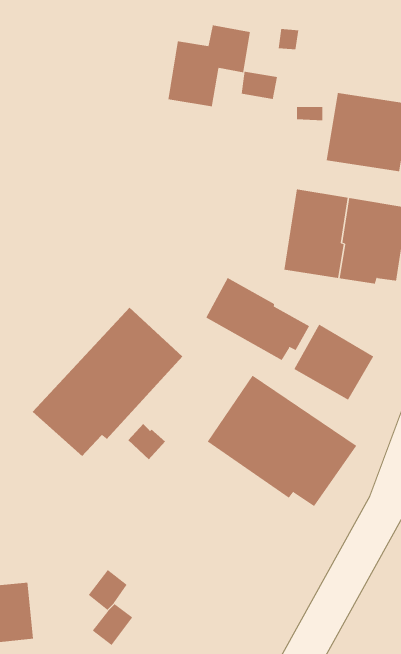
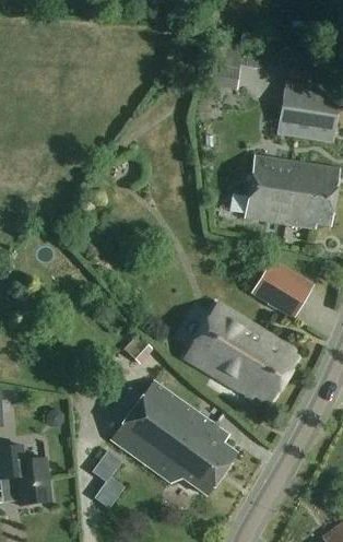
building: [168,25,250,107] -> none
building: [206,277,310,361] -> none
building: [32,307,183,457] -> none
building: none -> [111,381,237,497]

